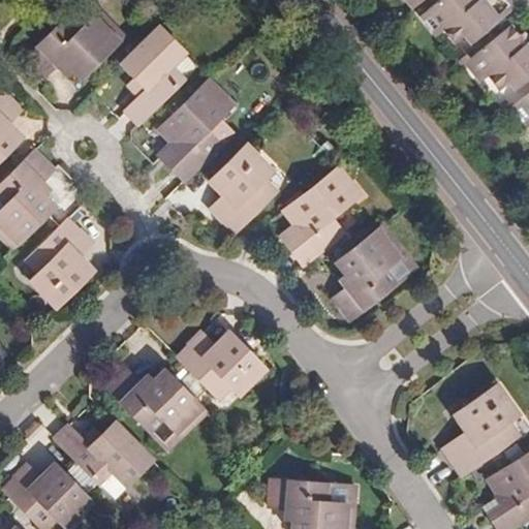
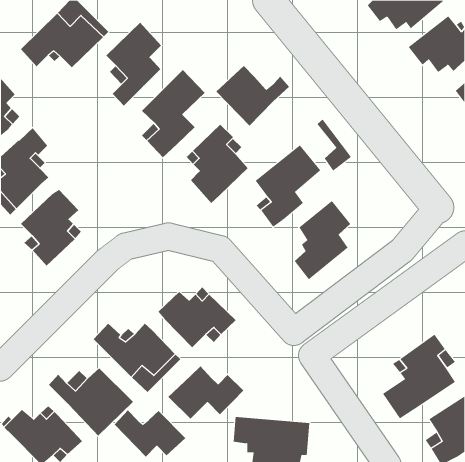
building: none -> [216,65,290,126]
building: [377,224,417,284] -> [316,119,352,171]
building: none -> [168,366,244,420]
building: none -> [114,409,186,458]

